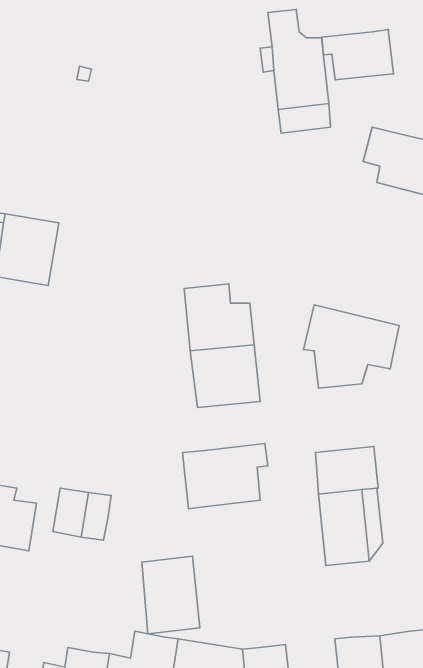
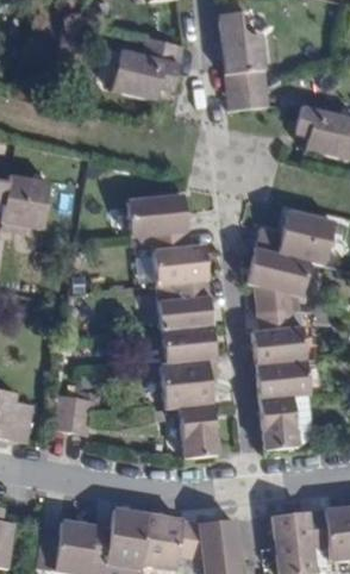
building: [322,30,393,80] -> none
building: none -> [112,36,185,101]
building: none -> [133,176,188,235]
building: none -> [256,202,337,263]
building: none -> [254,310,304,364]
building: none -> [163,324,217,363]
building: [142,556,200,634] -> [173,403,219,464]

